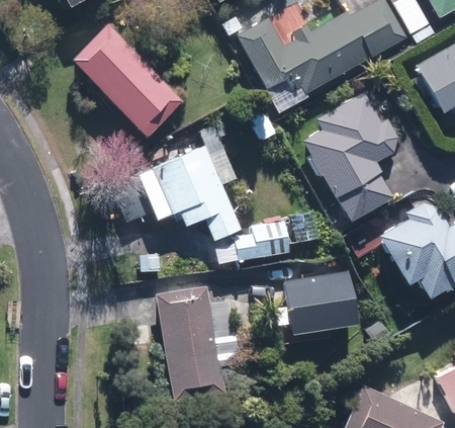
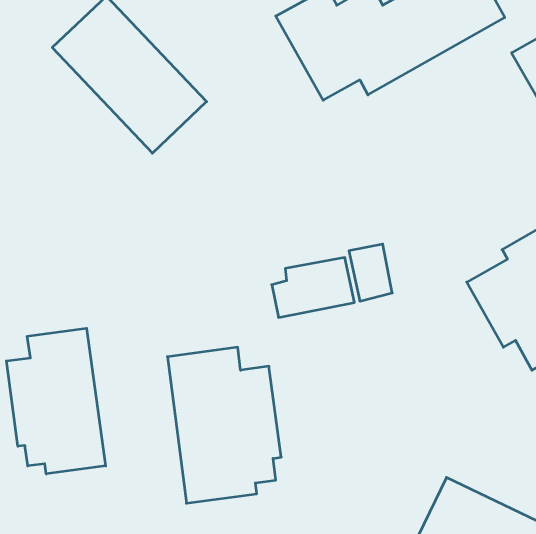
building: [301,89,402,222] -> none
building: [138,143,242,241] -> none
building: [278,270,356,343] -> none
building: none -> [6,328,106,474]

